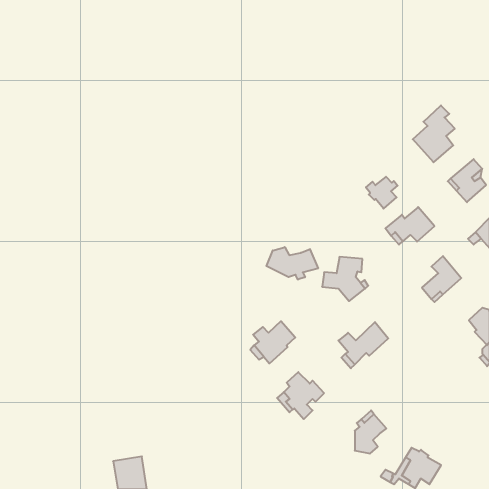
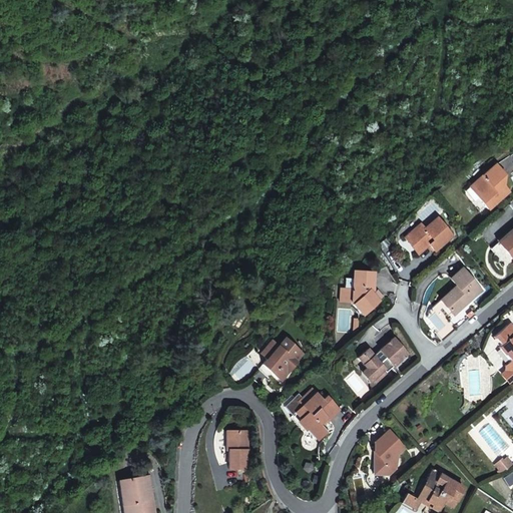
building: [413,105,455,162] -> none
building: [366,177,398,209] -> none
building: [266,247,318,280] -> none
building: none -> [230,428,252,466]

